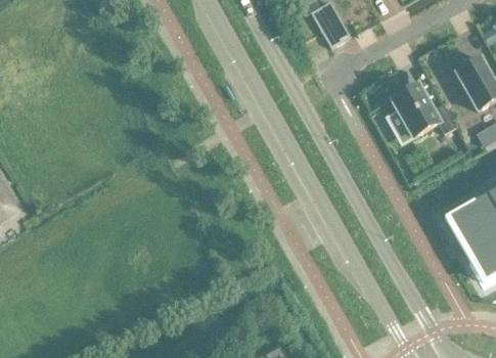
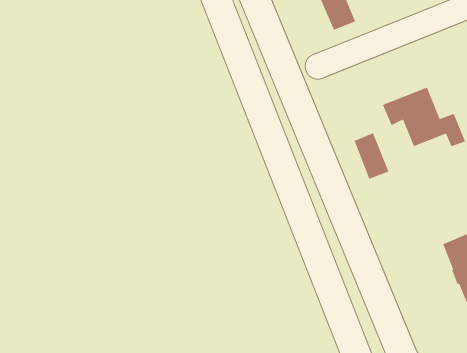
building: none -> [353,132,390,180]

